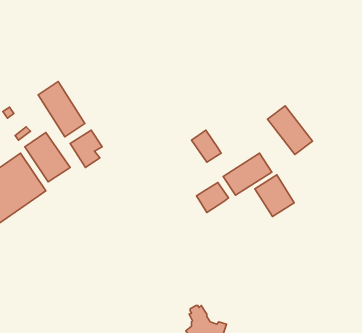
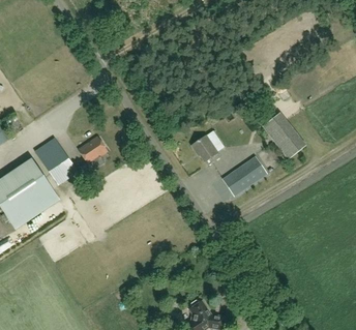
building: [38,81,85,137] -> none
building: [255,175,294,216] -> none
building: [196,183,229,212] -> none

